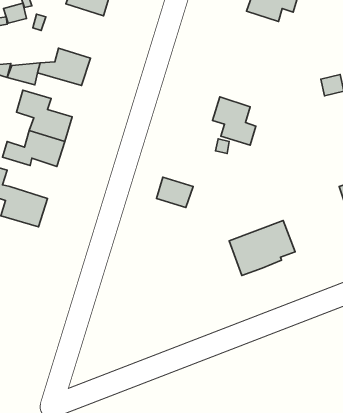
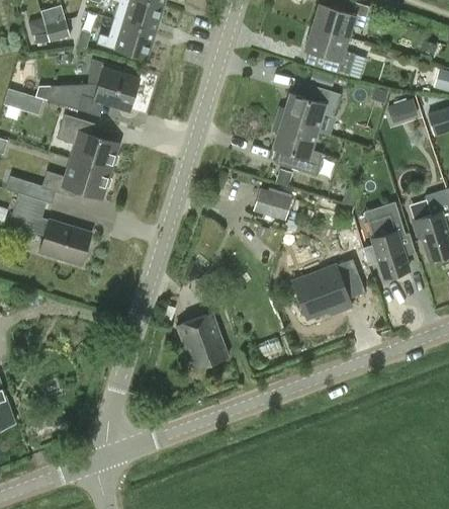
building: none -> [96,19,154,59]
building: none -> [305,27,355,75]
building: none -> [282,87,340,133]
building: [156,177,193,208] -> [253,188,293,222]
building: none -> [367,213,409,277]
building: none -> [176,313,229,369]

